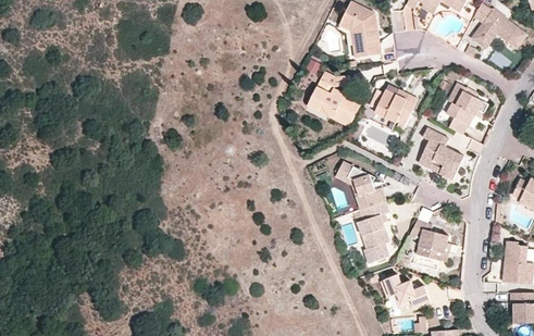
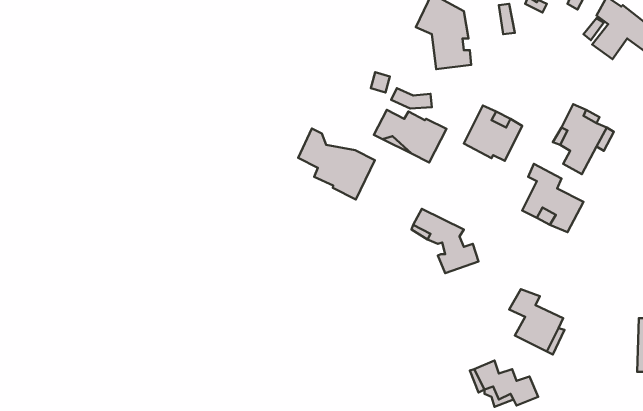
building: none -> [298,129,375,199]
building: [357,200,389,263] -> none

